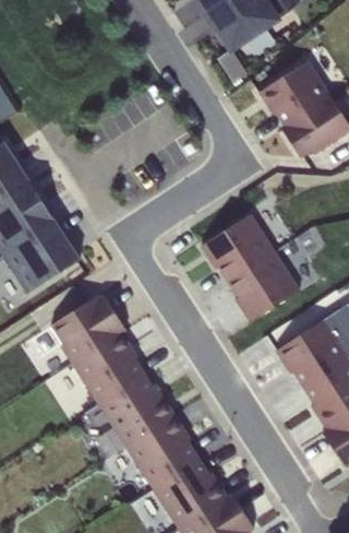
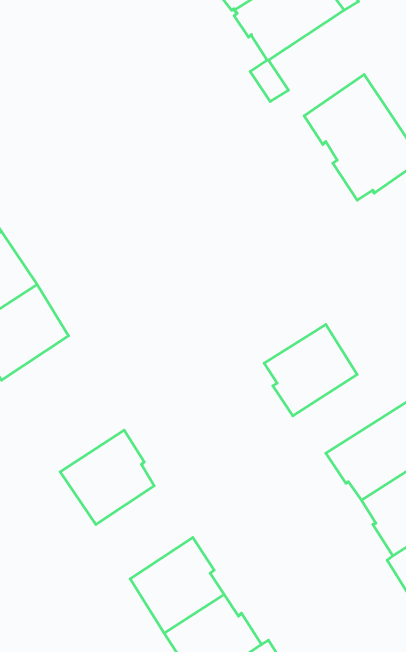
building: [201,213,275,281] -> none
building: [50,294,125,364] -> none
building: [99,375,173,446] -> none

